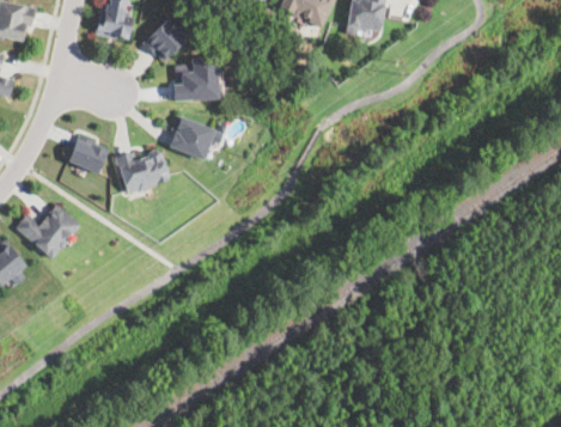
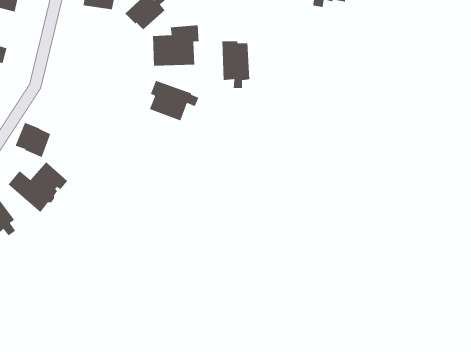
building: none -> [221,40,250,89]
building: [67,135,106,175] -> [15,122,51,158]
building: [114,150,170,194] -> none

